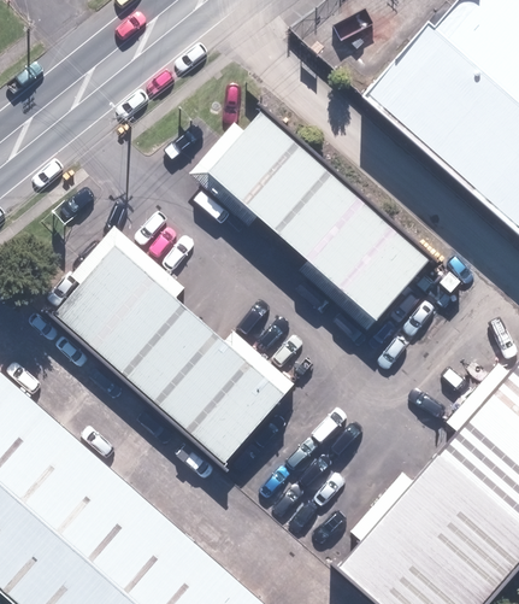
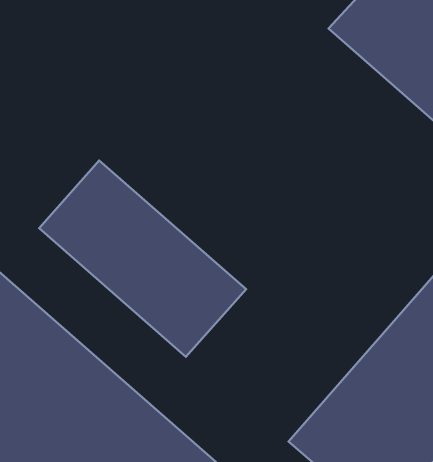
building: [205,116,432,330] -> none

